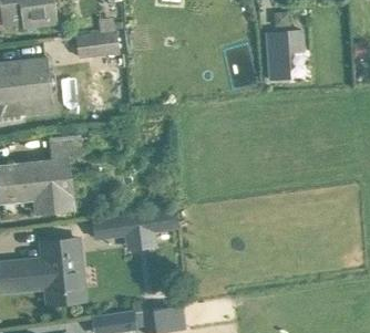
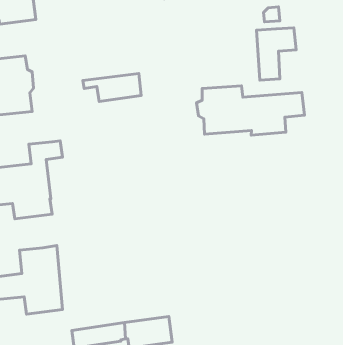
building: [64,31,120,58] -> [83,74,141,101]
building: none -> [197,86,304,135]
building: [92,208,178,240] -> none

